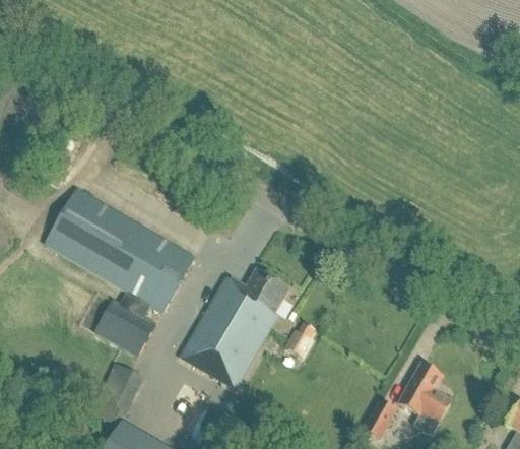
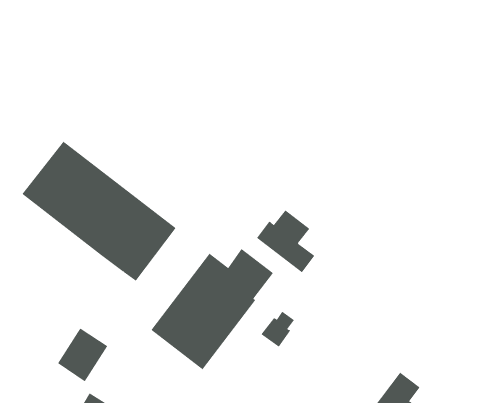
building: none -> [256,210,315,273]
building: [94,292,155,356] -> none

